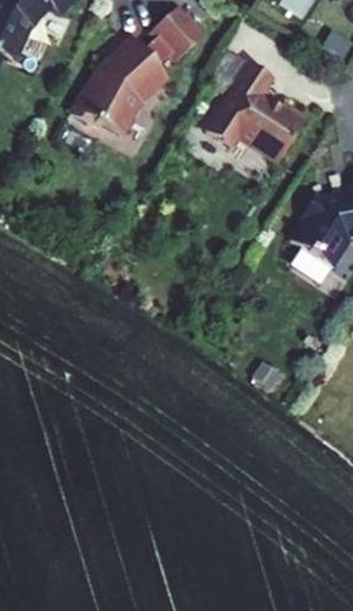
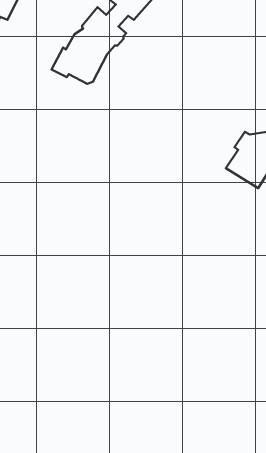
building: [211,64,312,162] -> none

